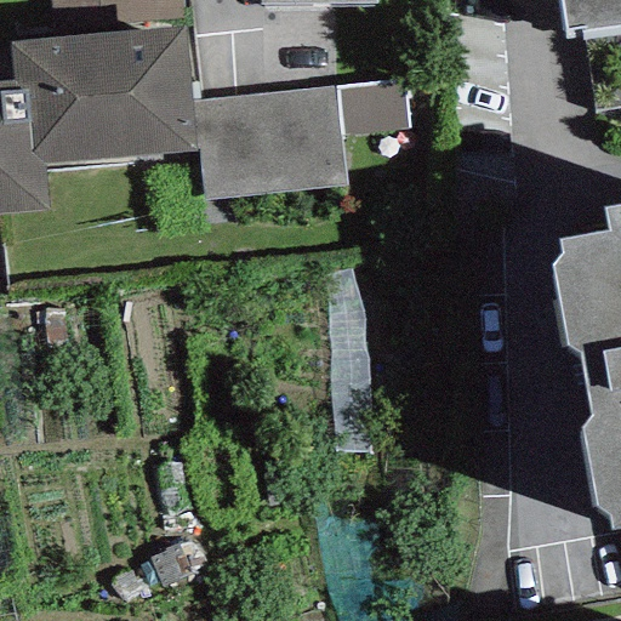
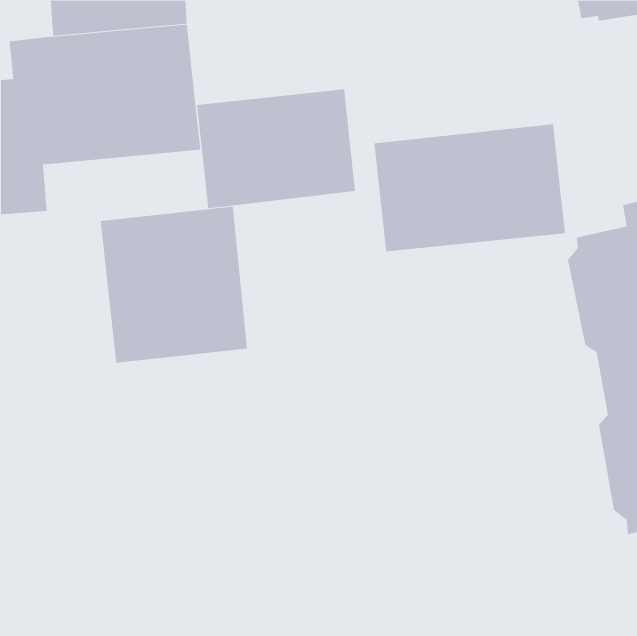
building: none -> [374,123,566,252]
building: none -> [100,206,247,364]

